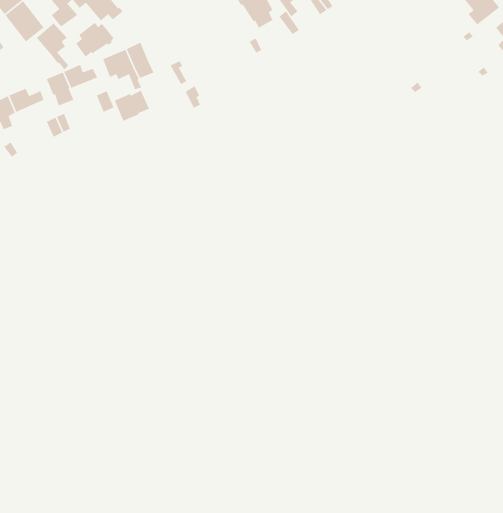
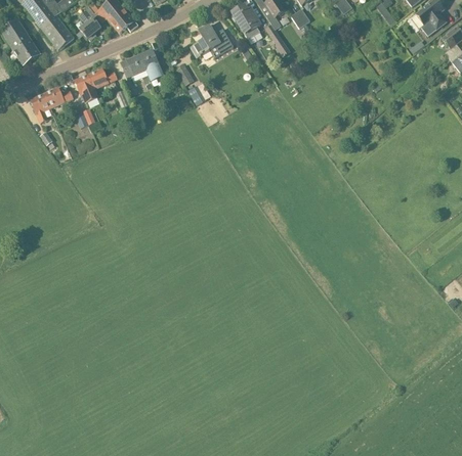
building: none -> [191,25,234,57]
building: [75,22,115,58] -> none
building: [36,22,69,70] -> none
building: [114,89,150,122] -> none

